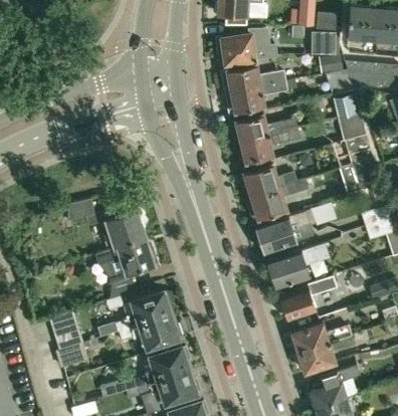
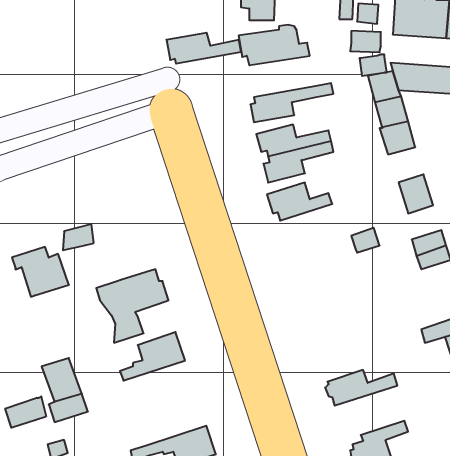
building: [221,66,284,92] -> [166,33,241,64]
building: [344,135,373,165] -> none
building: [249,180,307,221] -> none
building: [97,206,146,248] -> [12,247,69,297]
building: [256,212,310,253] -> none
building: [267,244,329,288] -> none
building: [279,276,336,321] -> none
building: [119,316,179,350] -> none
building: [297,337,354,373] -> none
building: none -> [5,396,46,428]
building: [135,347,189,388] -> none

